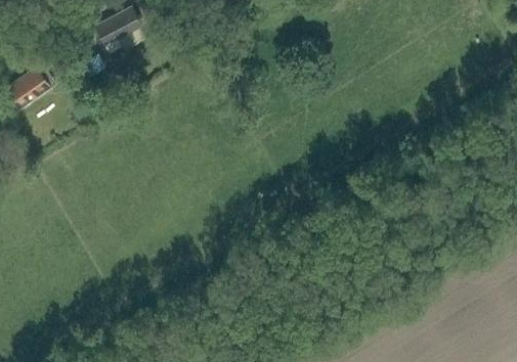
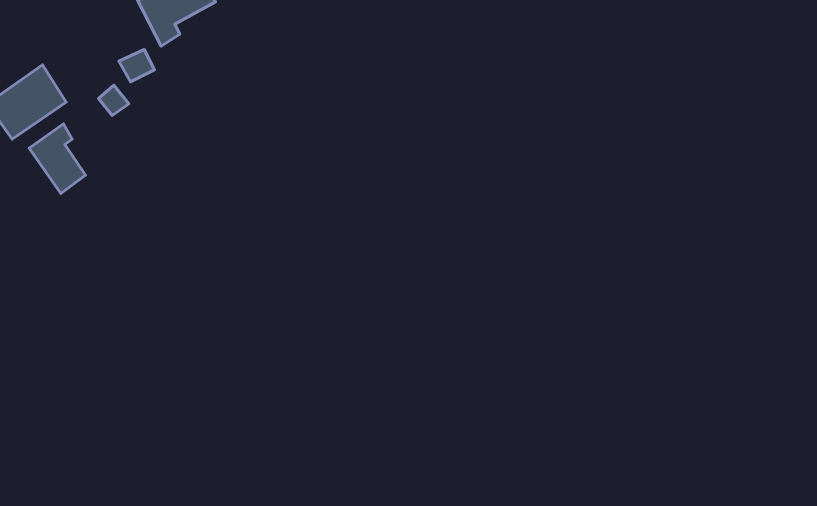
building: none -> [29,124,86,193]

